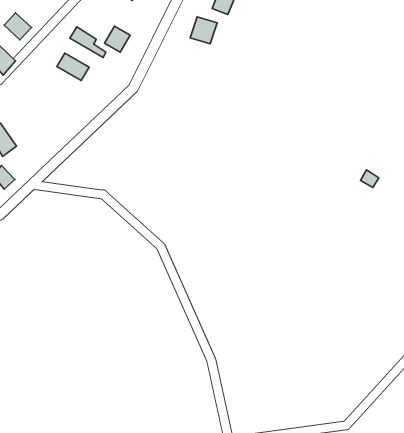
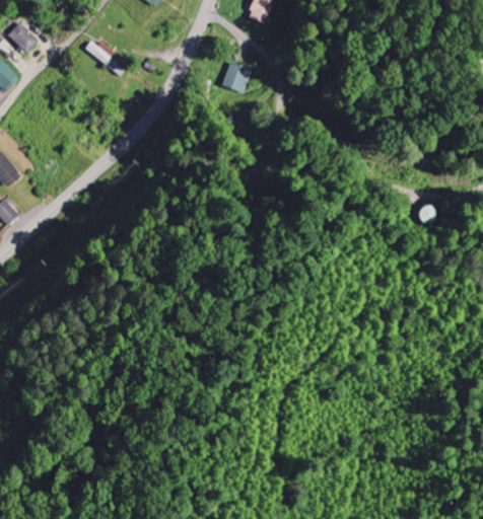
building: [190,17,217,44] -> [220,61,252,92]
building: [105,26,130,52] -> none
building: [57,53,89,81] -> none

